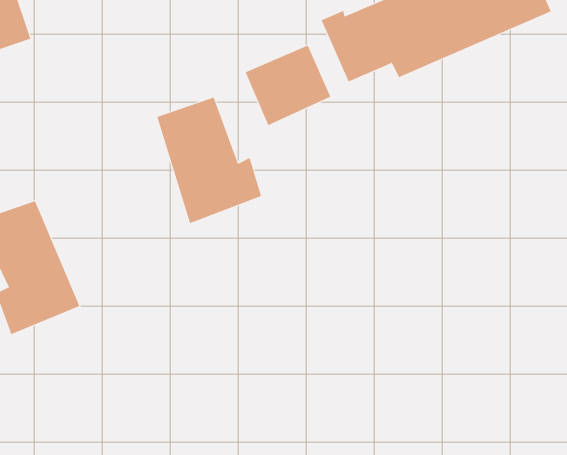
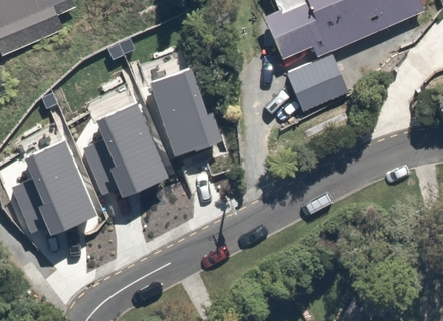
building: [245,45,331,126] -> [288,55,349,111]
building: none -> [97,105,170,198]

